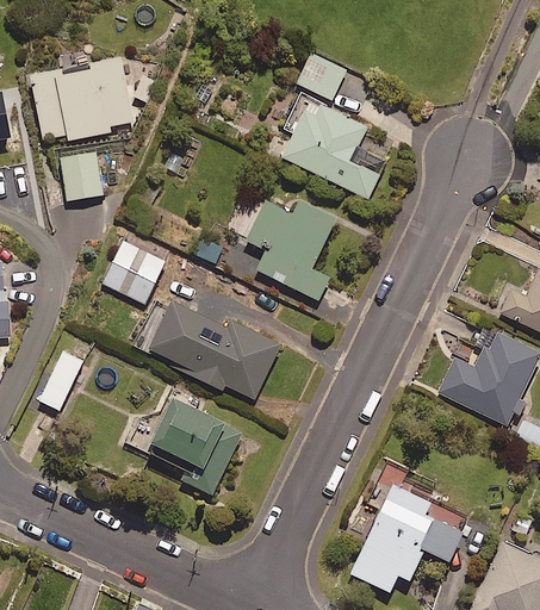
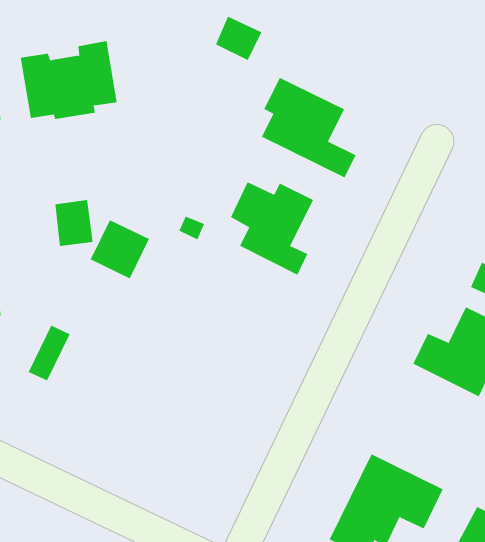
building: [297,54,346,100] -> [215,16,262,61]
building: [61,151,101,200] -> [55,200,94,247]
building: [149,304,281,399] -> none
building: [147,402,241,496] -> none

